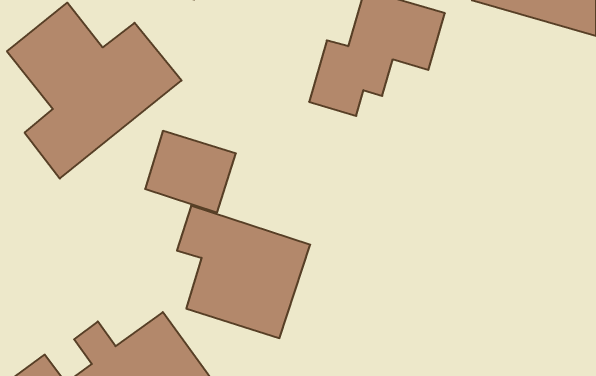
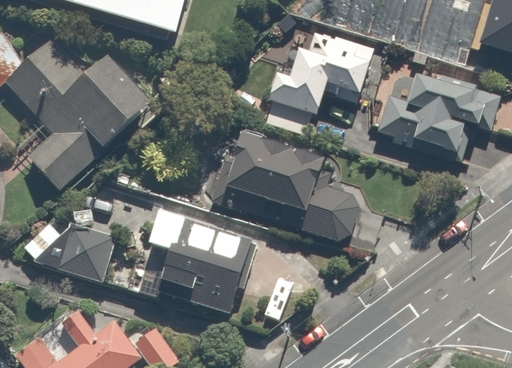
building: none -> [377,74,492,157]
building: none -> [217,137,358,242]
building: [145,131,236,212] -> [39,214,116,283]

